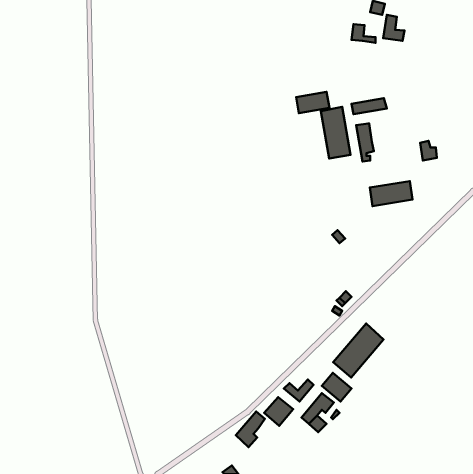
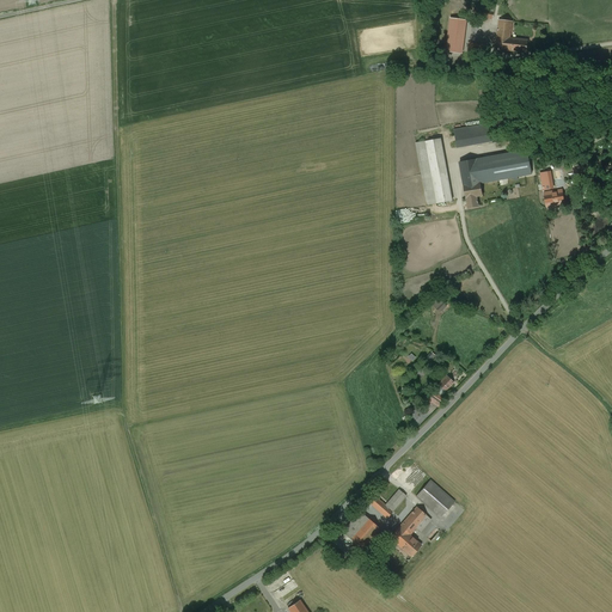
building: [296,92,329,113] -> none
building: [370,181,412,206] -> [476,151,531,183]
building: [333,324,384,377] -> none
building: [236,411,265,447] -> none

